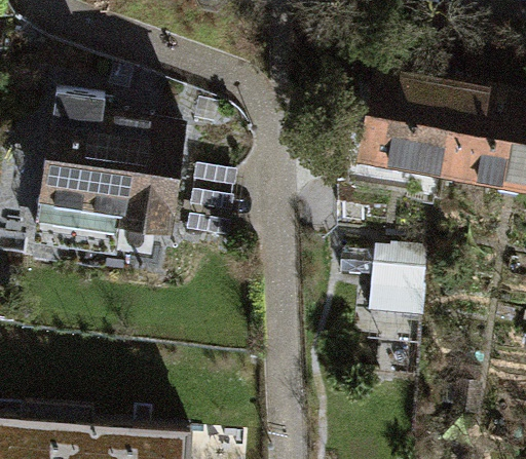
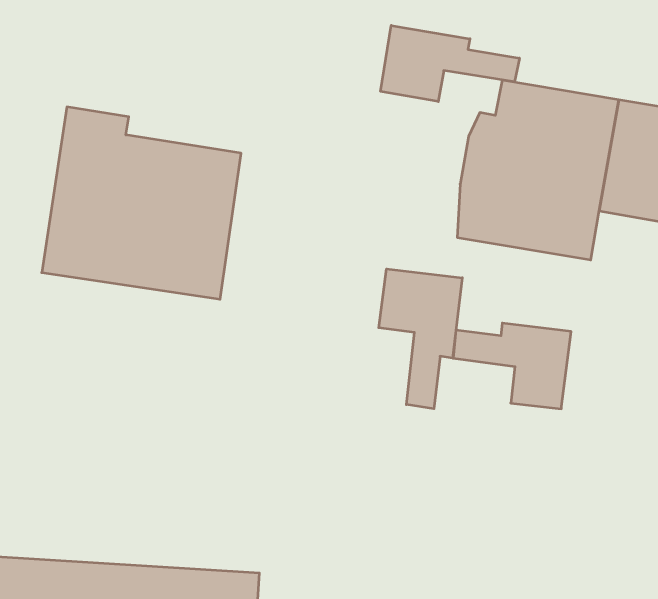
building: none -> [381,25,519,102]
building: none -> [379,269,462,409]

